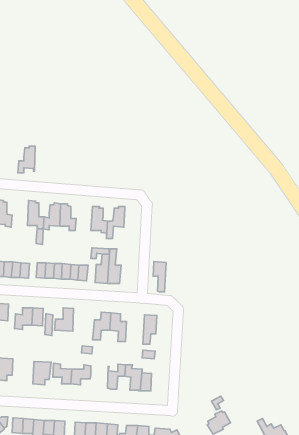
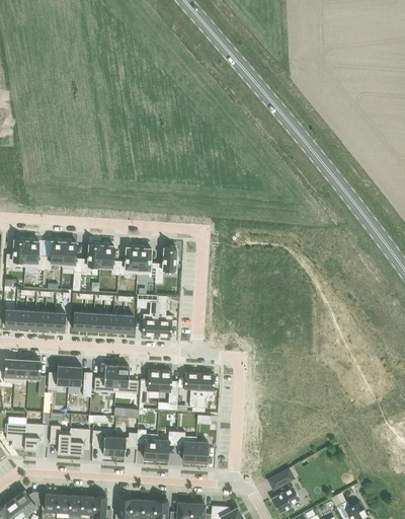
building: [18,146,35,173] -> [44,239,64,271]
building: none -> [118,245,139,276]
building: [153,262,166,292] -> [184,372,199,407]
building: none -> [115,366,138,393]
building: none -> [50,426,70,454]
building: none -> [137,429,157,459]

